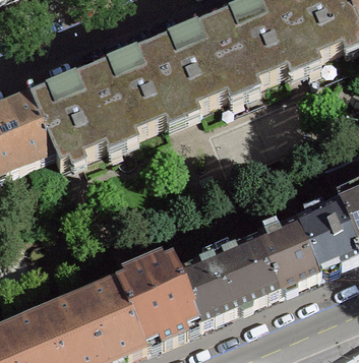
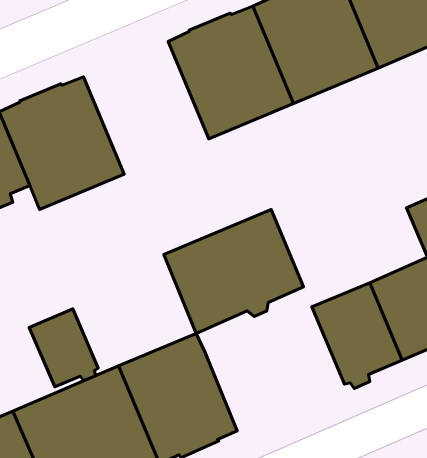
building: [92,39,182,134] -> none
building: [179,230,280,319] -> [164,209,303,334]
building: none -> [29,309,98,387]

